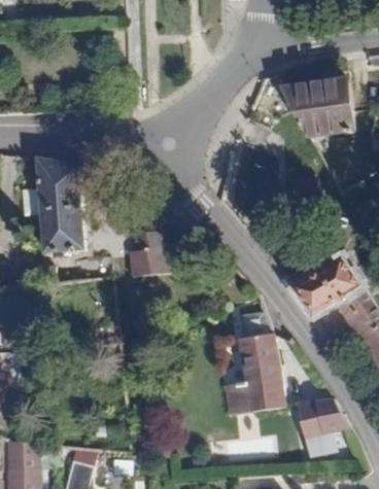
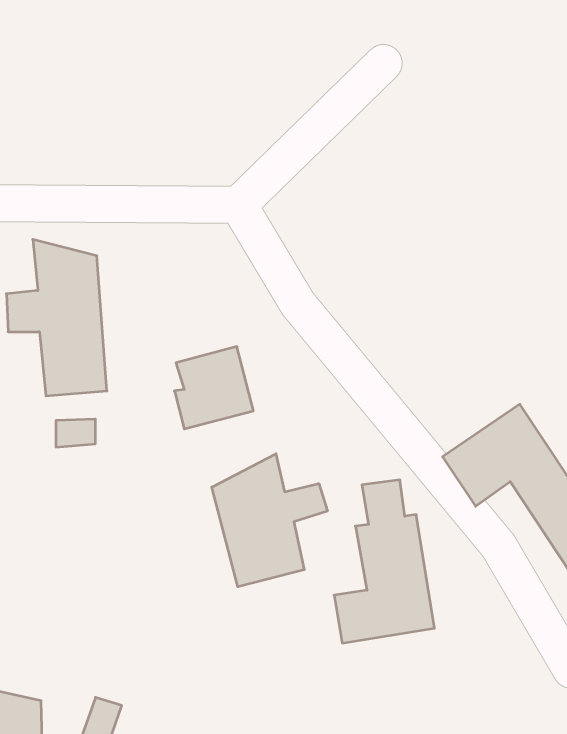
building: [286,80,354,131] -> none
building: none -> [212,454,327,587]
building: [301,394,350,454] -> none

